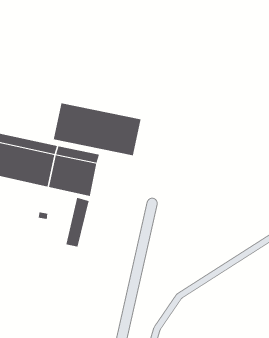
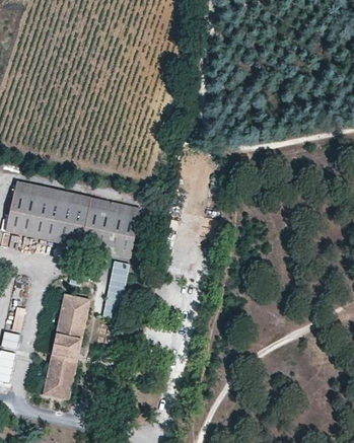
building: [53,103,141,156] -> none
building: none -> [43,294,89,398]

